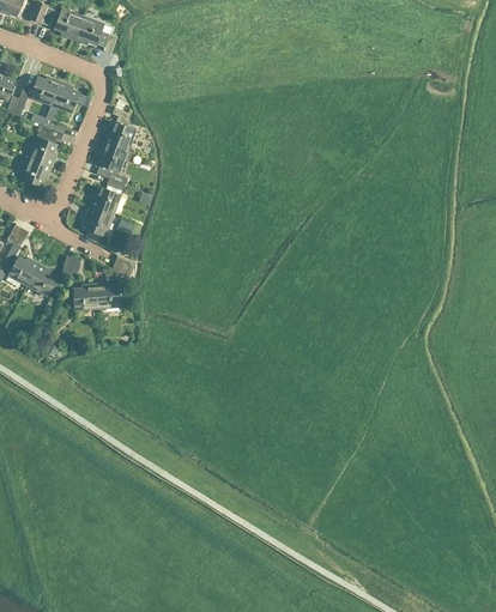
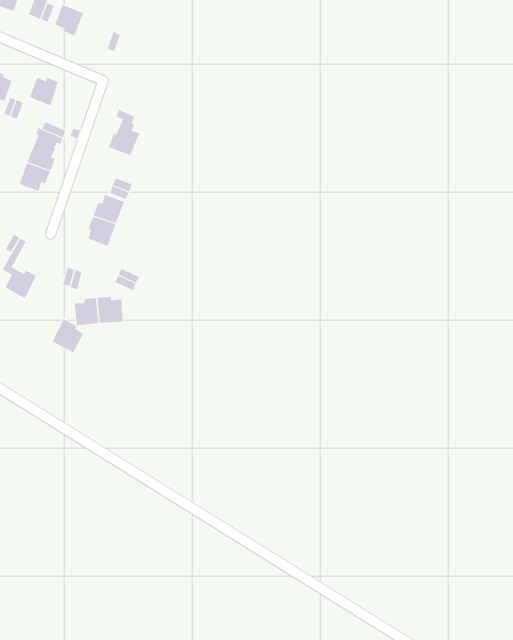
building: [73,17,103,44] -> none
building: [50,81,78,113] -> none
building: [99,143,132,171] -> none
building: [26,263,56,296] -> [52,319,84,353]

